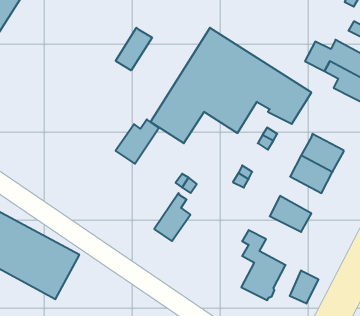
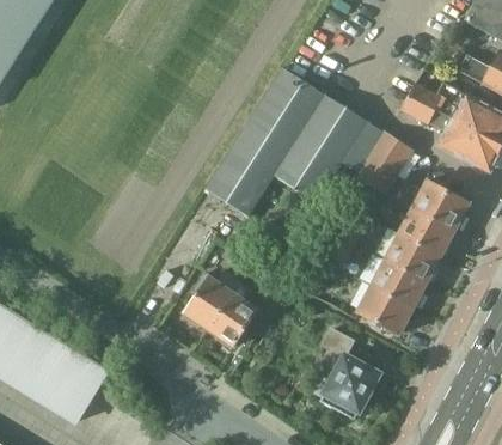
building: [116,28,152,70] -> none
building: none -> [403,181,467,230]
building: [116,119,159,164] -> [184,270,240,328]
building: none -> [372,260,426,307]
building: [290,270,318,304] -> none

